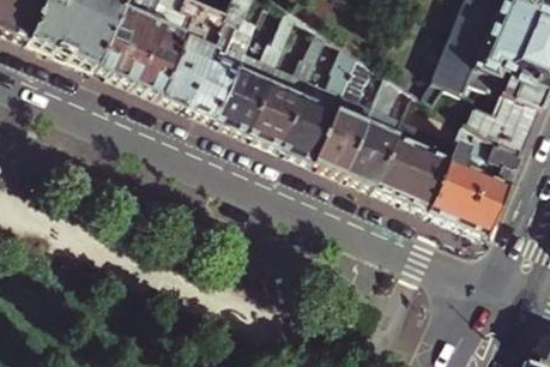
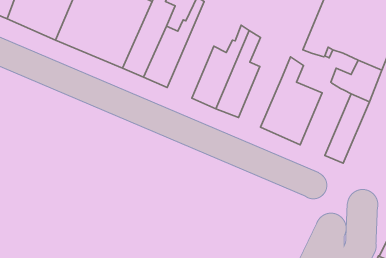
building: [246,25,327,144] -> none
building: [343,70,403,184] -> none
building: [427,131,496,222] -> none

